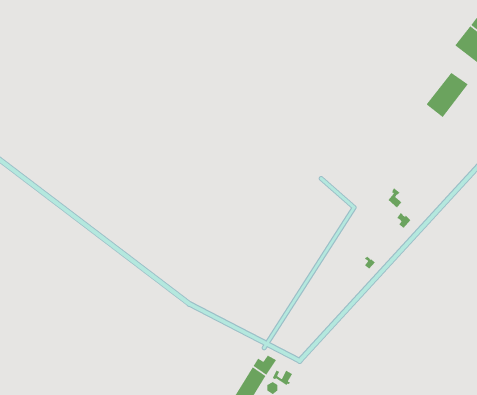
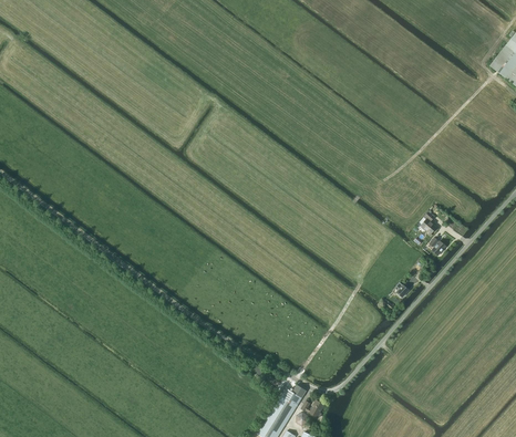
building: [426,72,469,118] -> none

